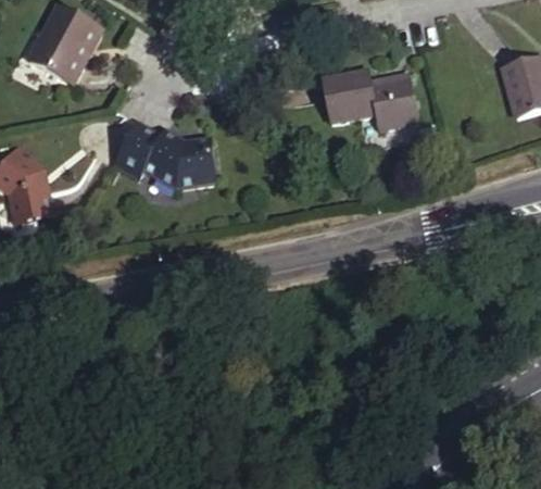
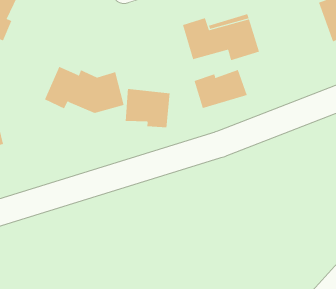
building: none -> [194,69,247,109]
building: none -> [125,88,170,128]

